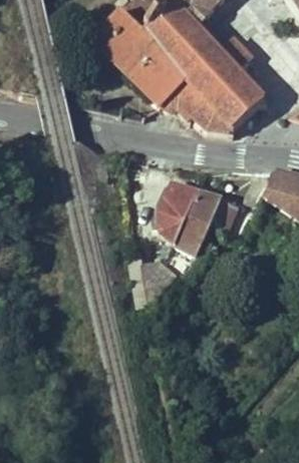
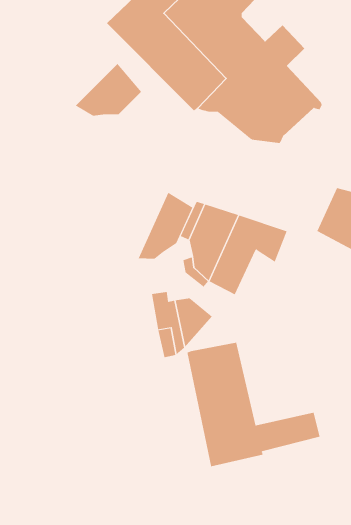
building: none -> [75,63,142,117]
building: none -> [138,192,193,260]
building: none -> [187,342,320,467]

